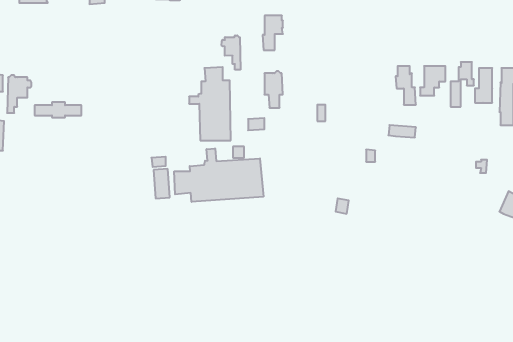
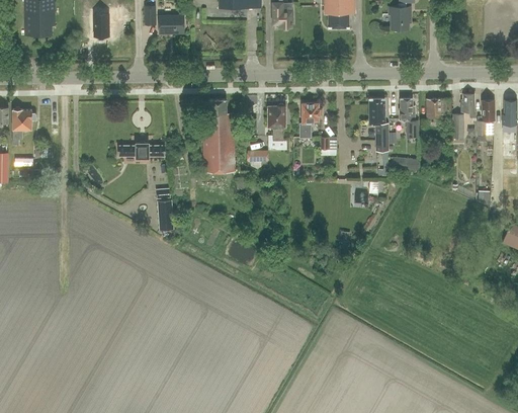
building: [263,16,283,50] -> [299,103,320,138]
building: [222,35,240,70] -> none
building: none -> [369,98,388,151]
building: [35,102,81,117] -> [118,143,165,158]
building: [174,148,263,202] -> none

